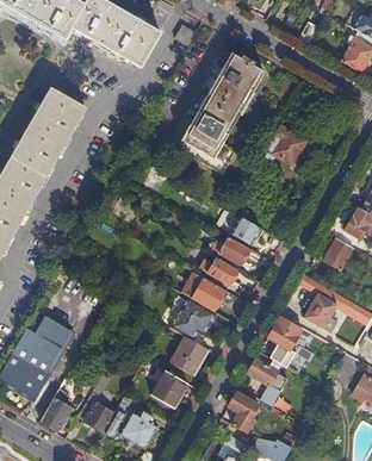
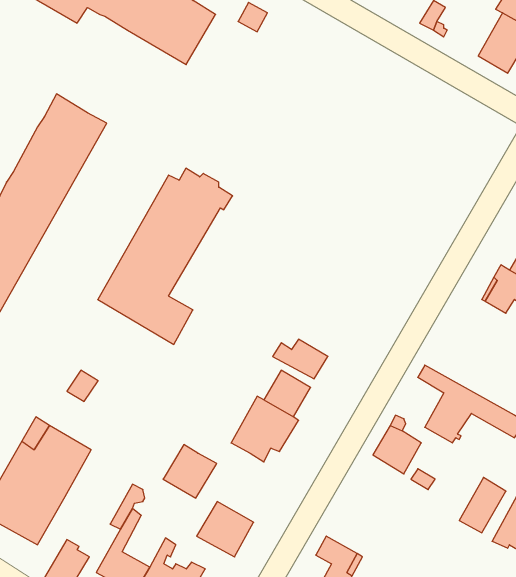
building: [170,51,264,173] -> [98,168,233,344]
building: [266,118,315,168] -> none
building: [224,216,261,243] -> none
building: [212,236,249,264] -> none
building: [323,237,354,269] -> none
building: [169,335,206,372] -> [163,445,217,498]
building: [248,351,287,405] -> none

